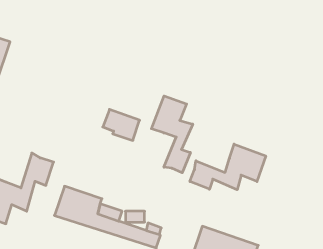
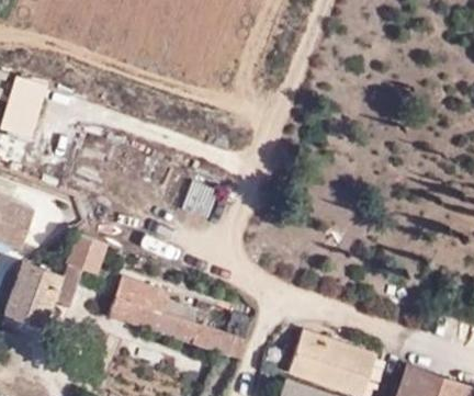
building: [151,96,193,173] -> none
building: [190,144,266,190] -> none

